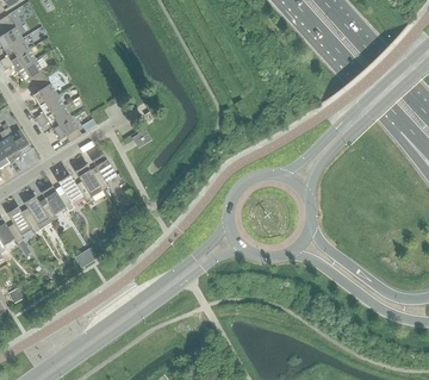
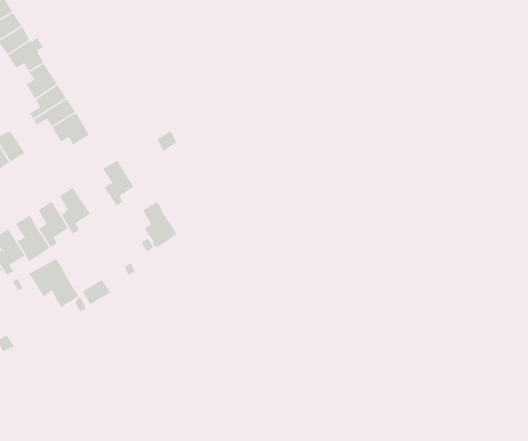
building: [74,163,101,200] -> [142,201,177,248]
building: none -> [28,258,80,308]

